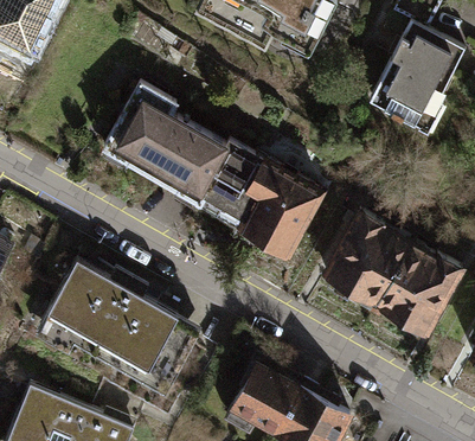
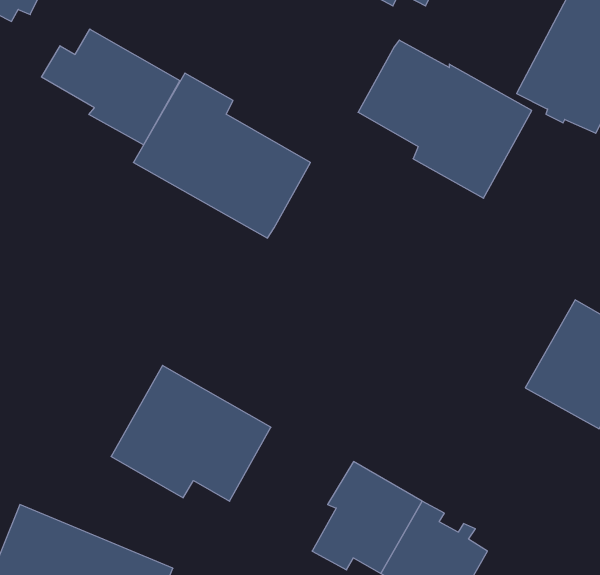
building: none -> [41,29,180,145]
building: [203,142,322,251] -> [358,40,532,198]
building: [325,210,410,302] -> none
building: [40,260,126,350] -> none

